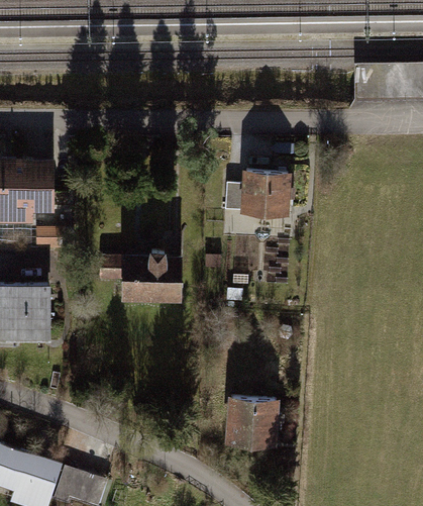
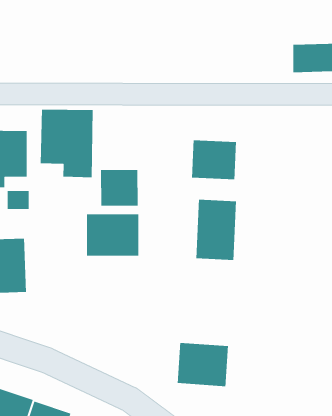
building: none -> [40,109,93,178]
building: none -> [100,169,138,207]
building: none -> [196,199,237,261]

